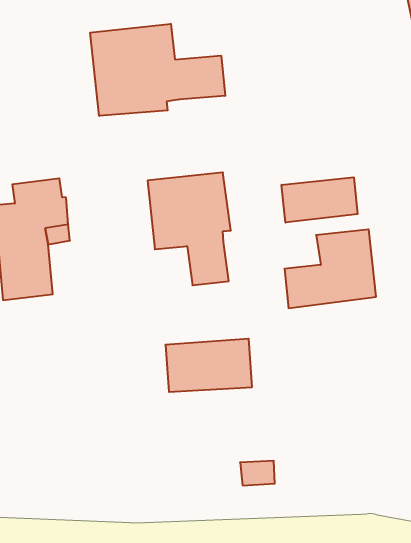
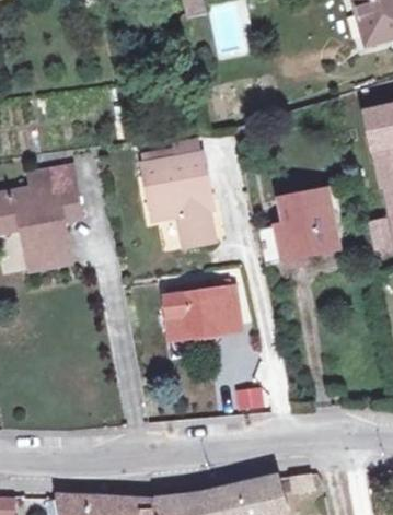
building: [90,24,225,116] -> none
building: [282,177,358,223] -> none

